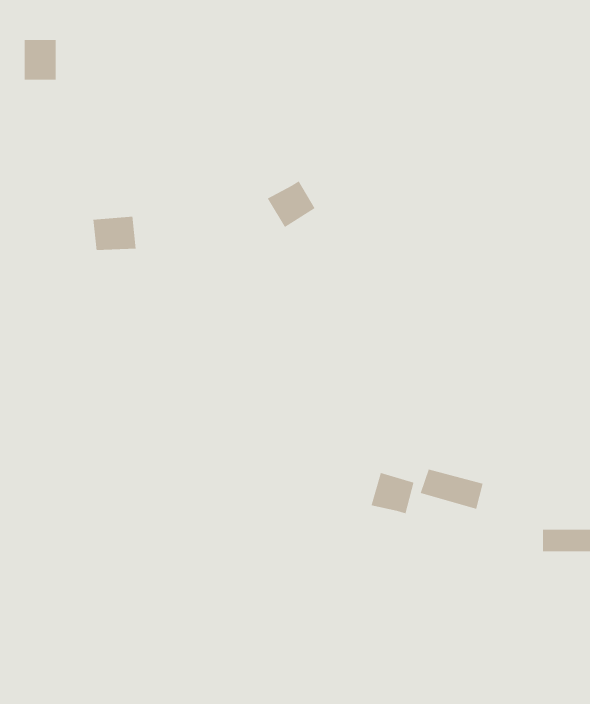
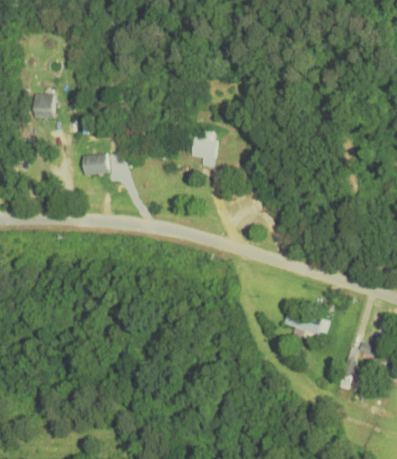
building: [24,39,57,80] -> [34,94,54,119]
building: [371,472,414,514] -> none

